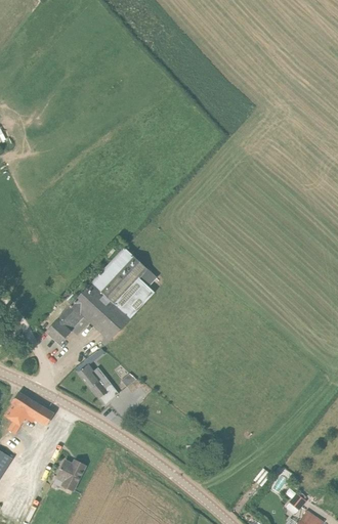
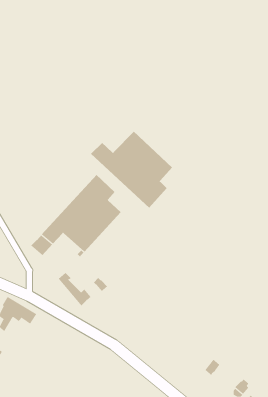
building: none -> [90,131,173,209]
building: [56,460,85,490] -> none

